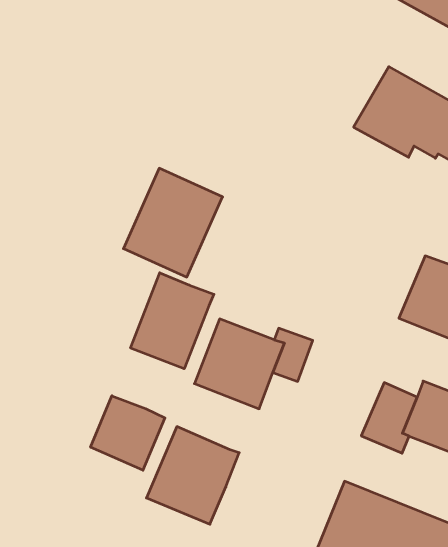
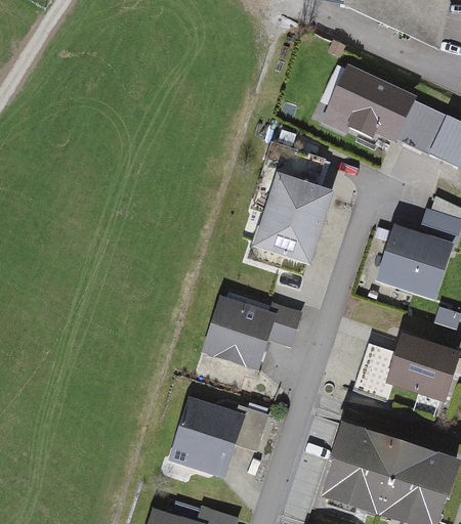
building: [123,168,223,277] -> [249,177,332,270]
building: [131,273,214,369] -> none
building: [91,396,165,470] -> none
building: none -> [237,402,268,447]

